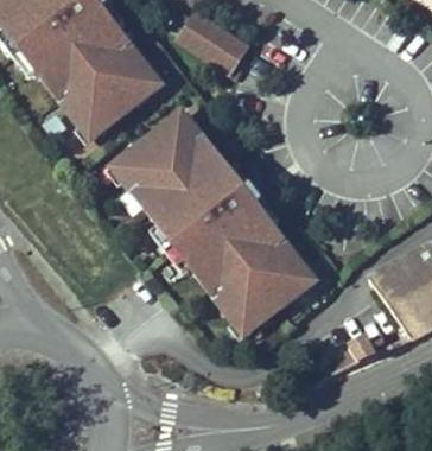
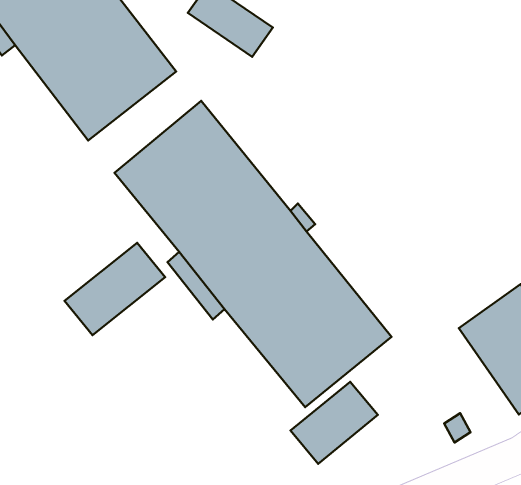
building: none -> [64,243,165,335]
building: none -> [290,382,378,464]

